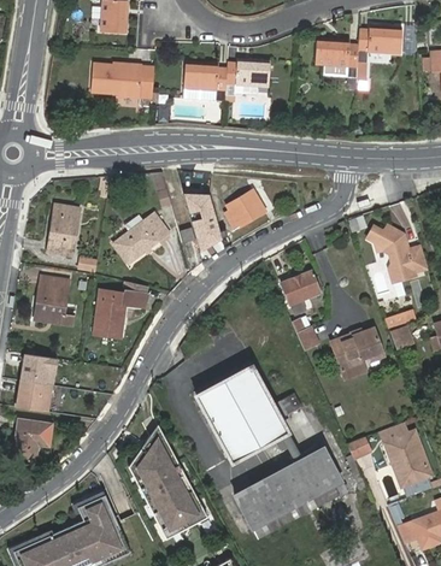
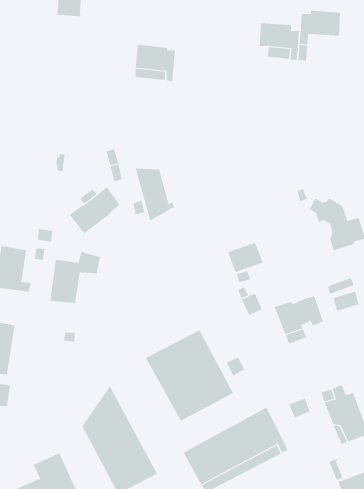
building: [224,59,270,95] -> none
building: [92,63,153,106] -> none
building: [224,188,265,229] -> none
building: [47,202,80,255] -> none

